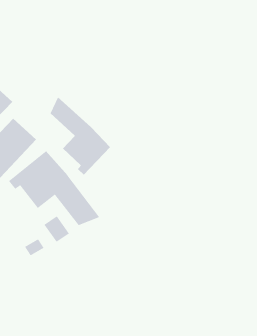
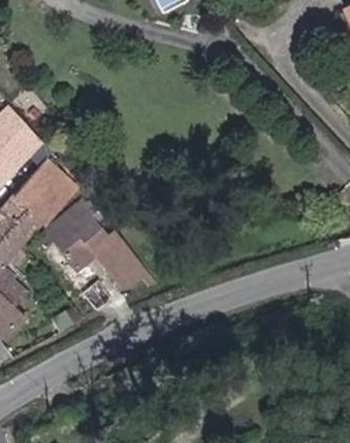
building: [50,96,111,176] -> none

